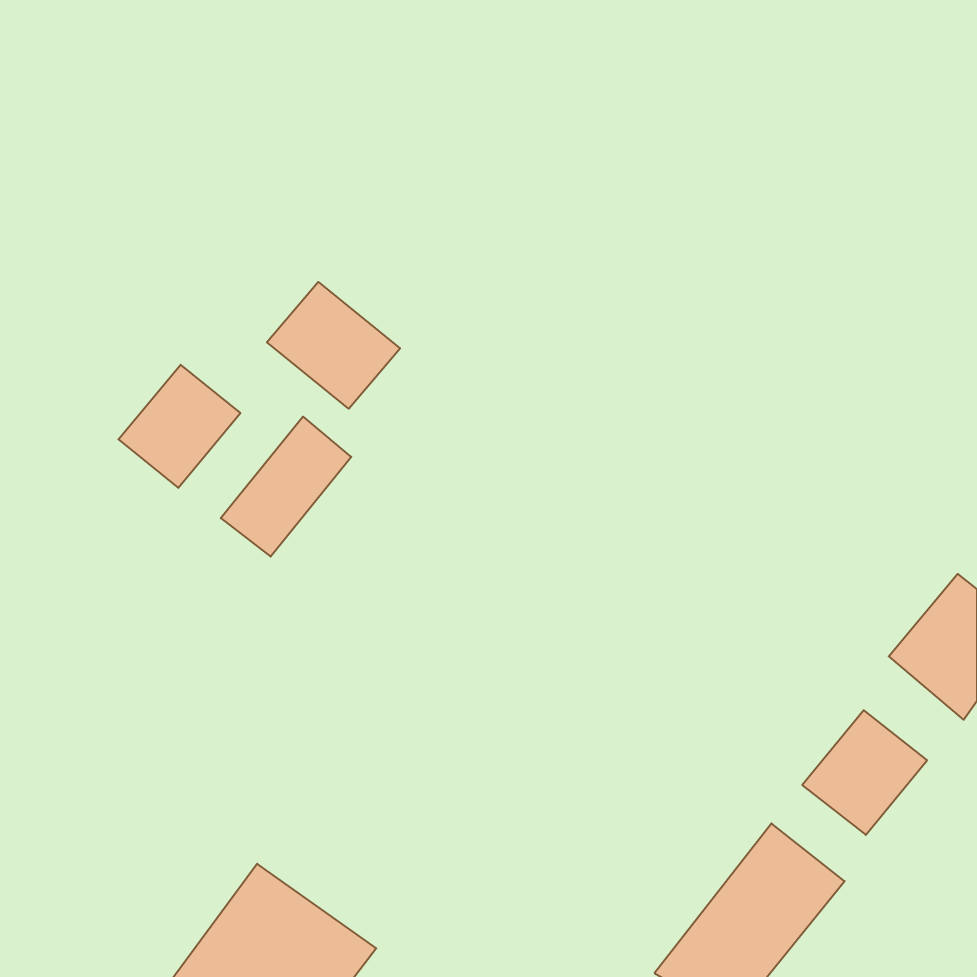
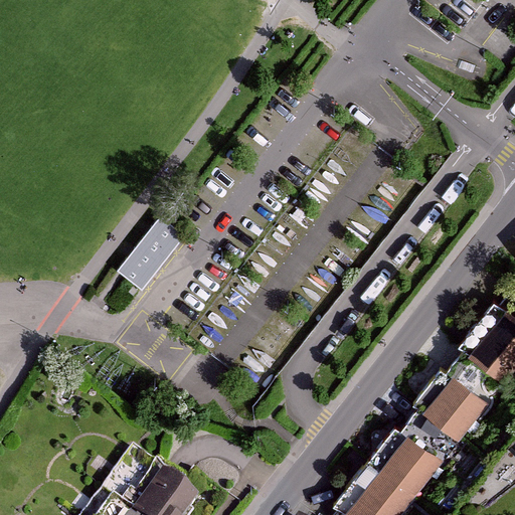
building: [267,282,400,409] -> none
building: [118,365,240,488] -> none

